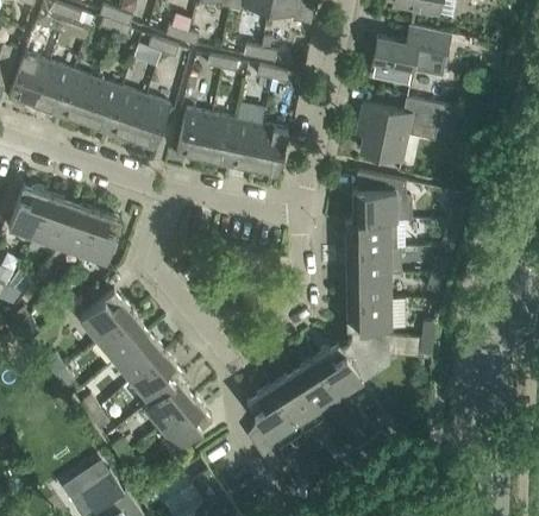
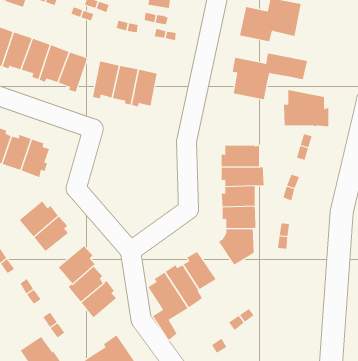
building: [252,125,287,177] -> none
building: [350,171,410,220] -> [283,90,329,127]
building: [113,334,164,379] -> none
building: [313,346,362,395] -> none

